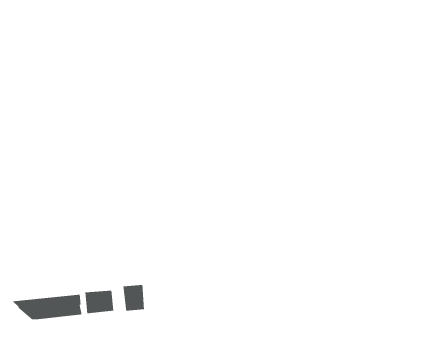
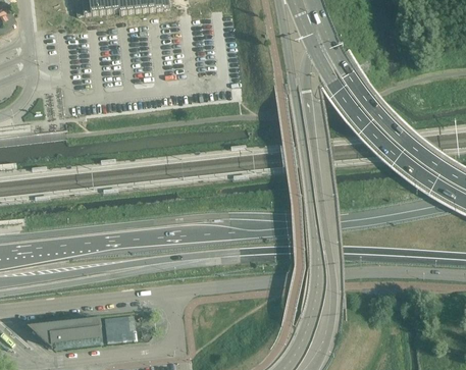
building: [123,284,145,312] -> none

